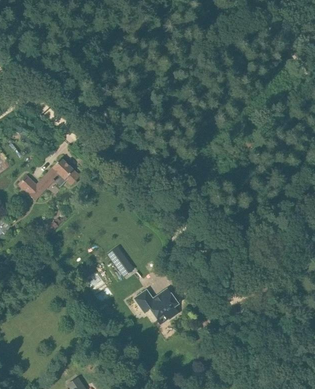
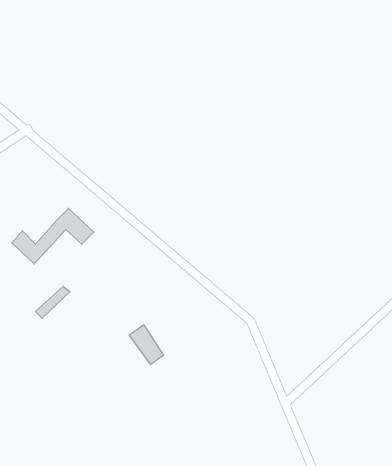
building: [134,289,178,320] -> none

